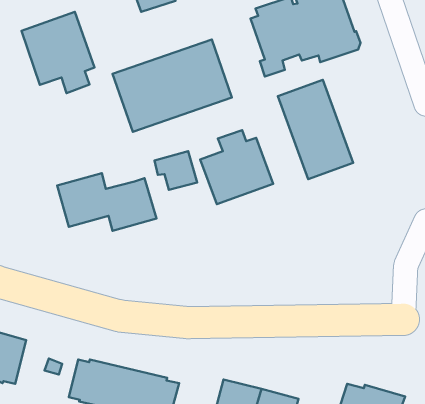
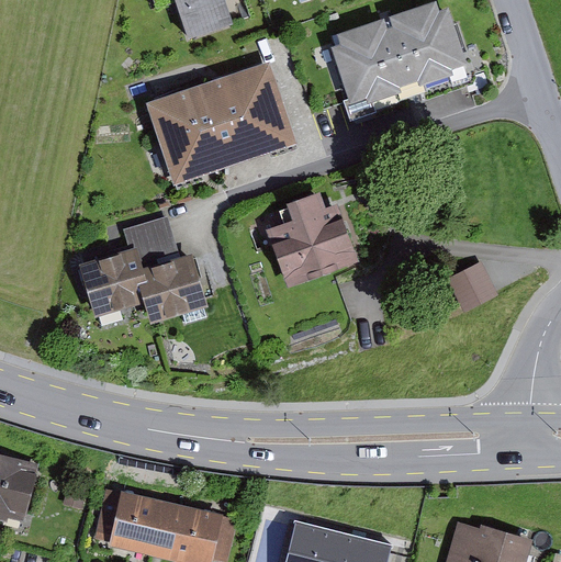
building: [22,12,94,93] -> none
building: [278,80,353,179] -> none
building: [154,151,197,190] -> [122,216,178,267]
building: none -> [445,261,496,313]

